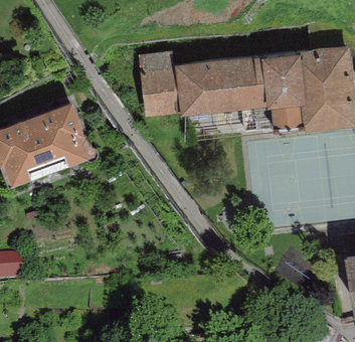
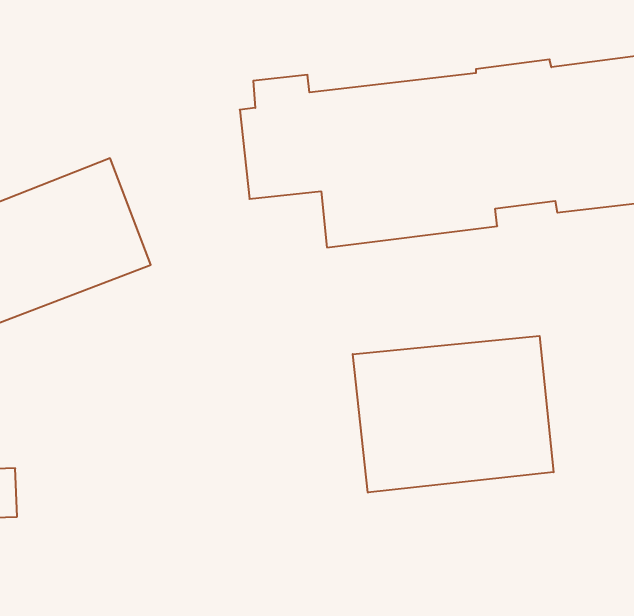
building: none -> [353,336,554,493]

